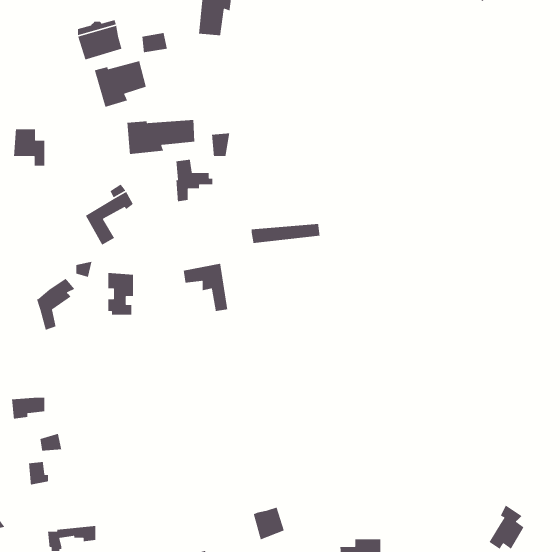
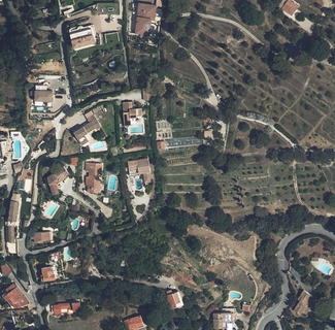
building: [94,60,147,108] -> none
building: [126,119,195,155] -> none

